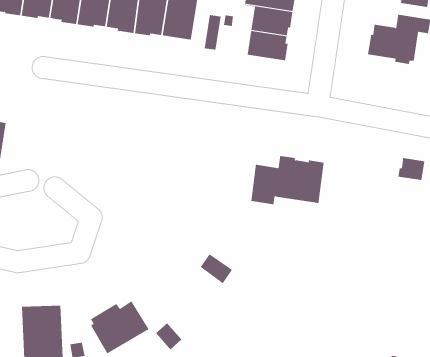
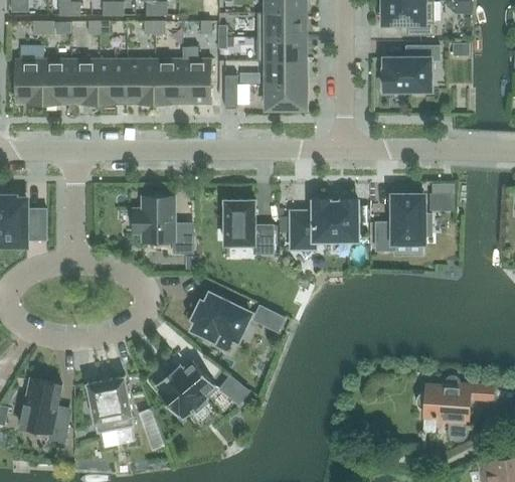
building: none -> [133,196,194,254]
building: none -> [225,200,274,254]
building: none -> [375,191,432,251]
building: none -> [193,294,250,350]

